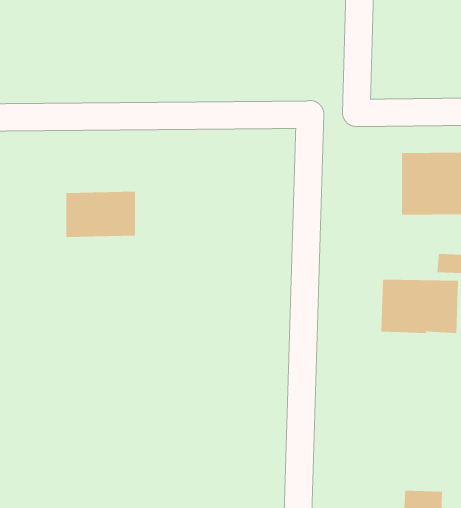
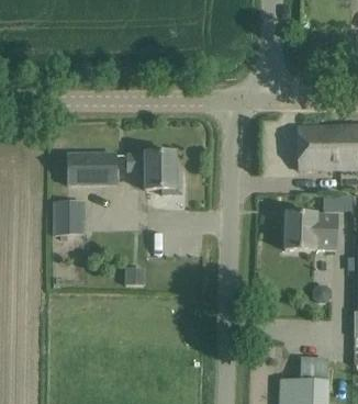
building: none -> [127,152,181,193]
building: none -> [55,200,83,233]

